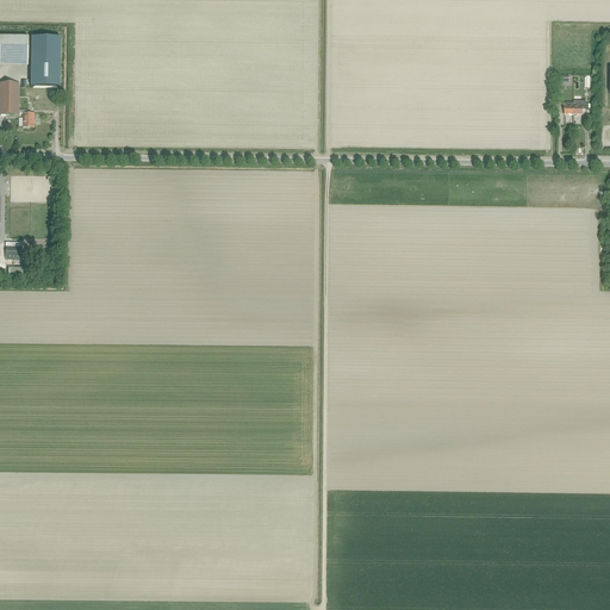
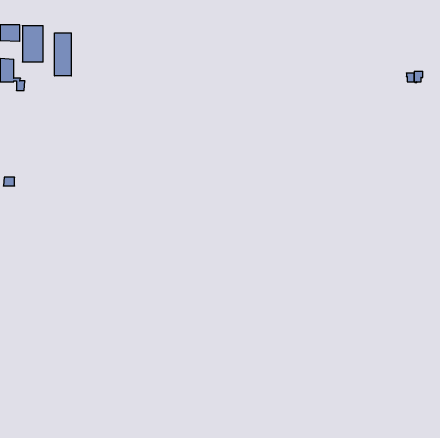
building: none -> [55,33,71,76]

